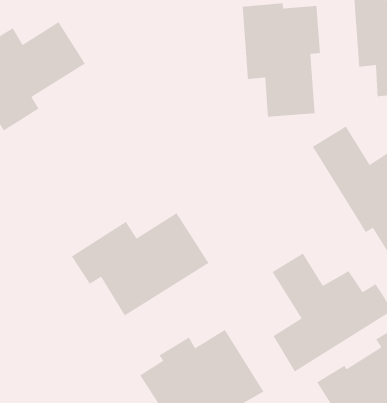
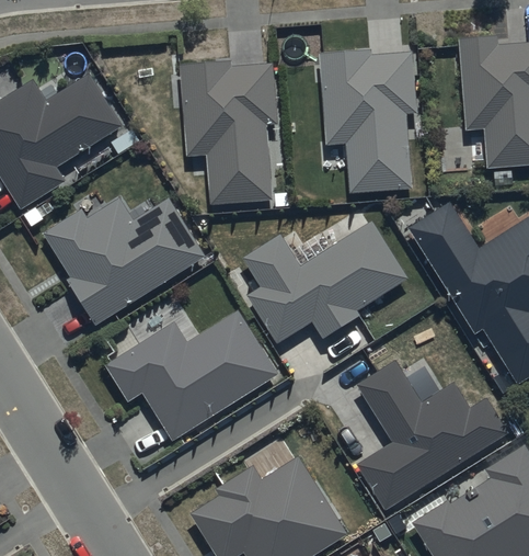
building: none -> [181,60,278,203]
building: none -> [44,197,205,325]
building: none -> [241,219,410,344]

